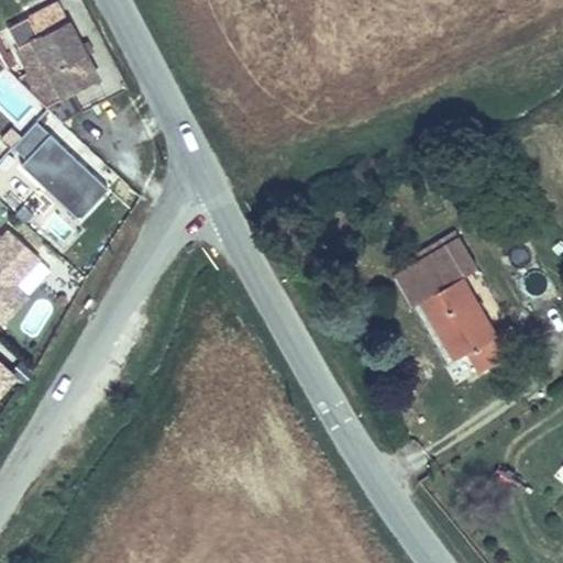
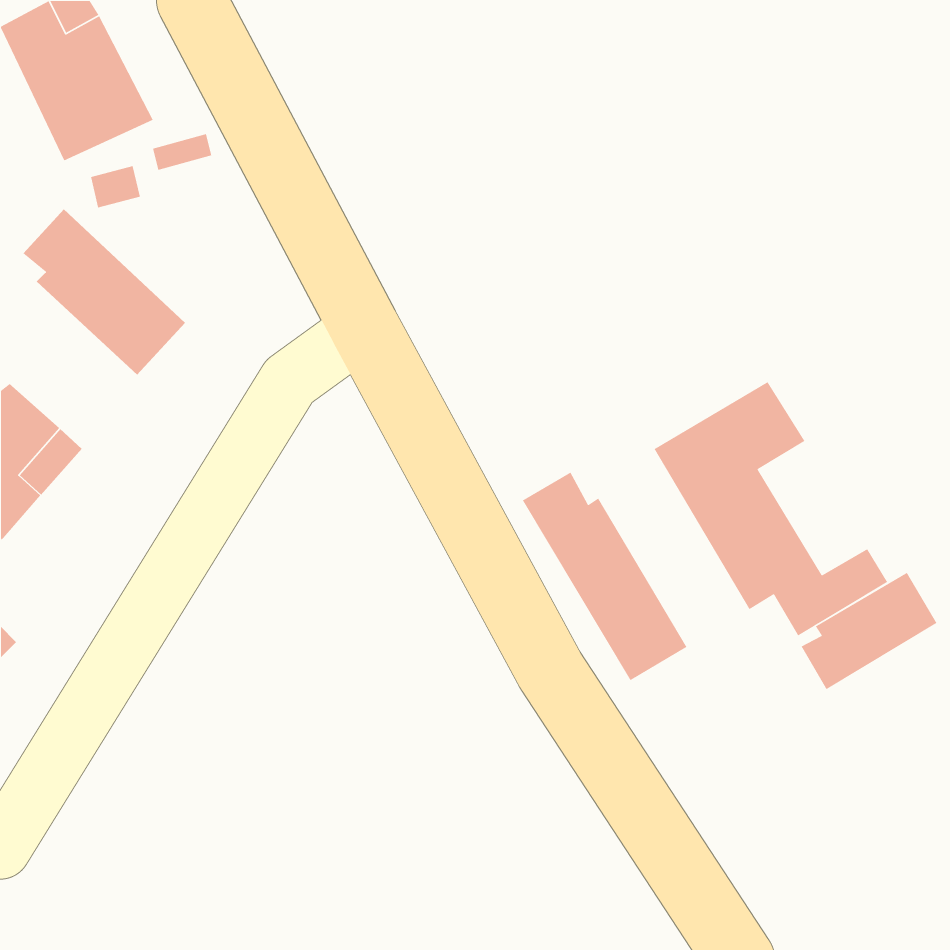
building: none -> [522,472,687,681]
building: none -> [801,572,938,690]

